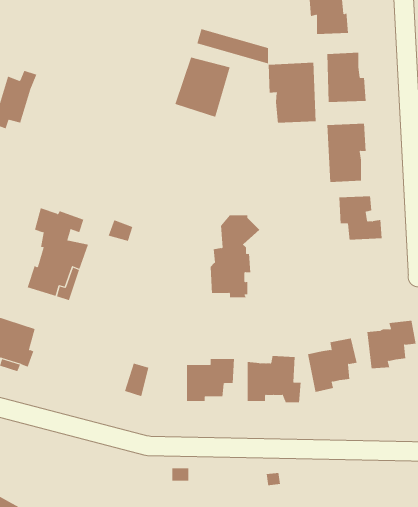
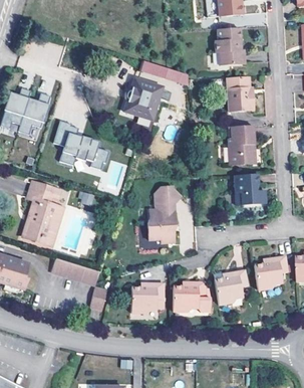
building: [268,62,316,124] -> none
building: none -> [16,92,49,134]
building: none -> [54,120,110,167]
building: none -> [51,257,98,284]

